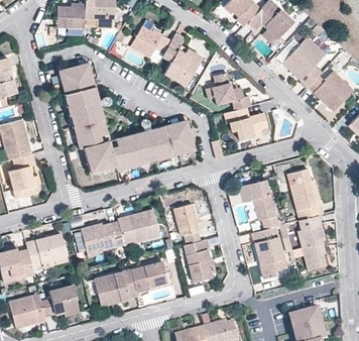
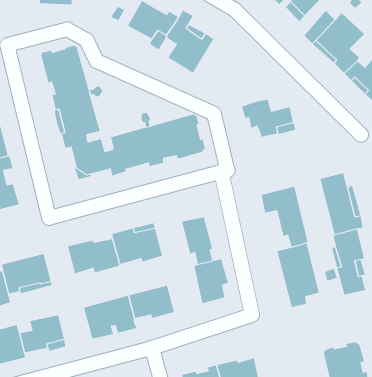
building: [207,72,250,109] -> none

